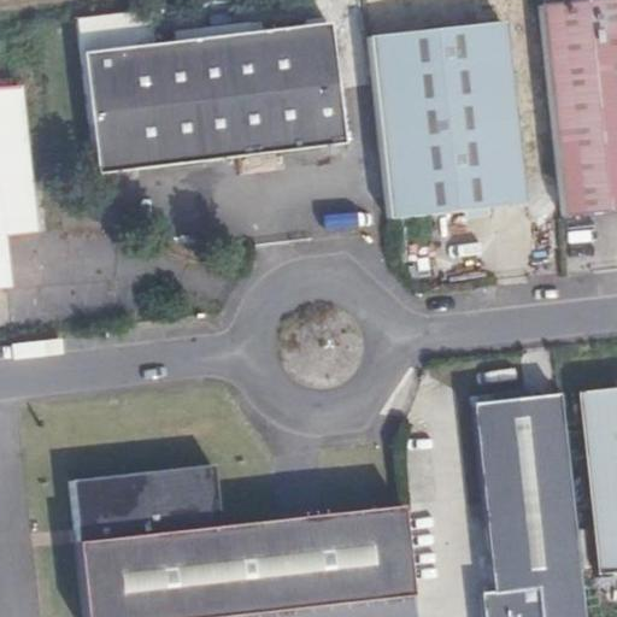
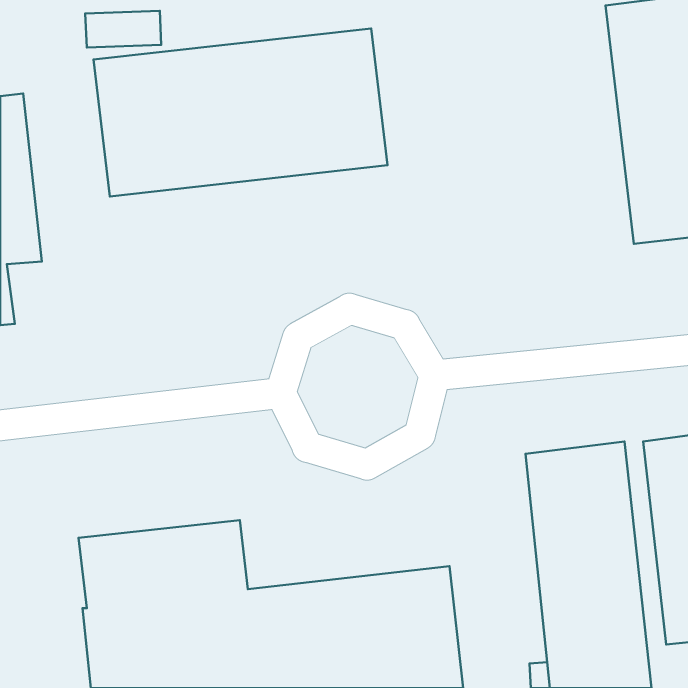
building: [372,20,529,218] -> none

